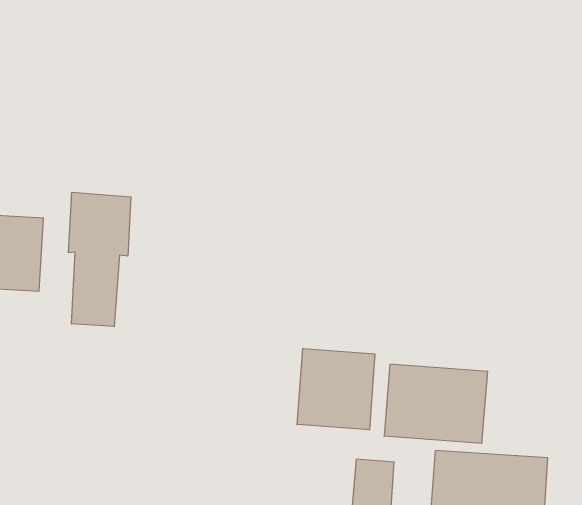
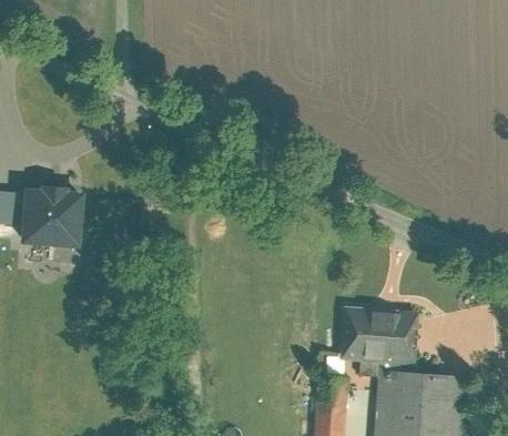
building: [68,192,131,327] -> none
building: [297,348,375,430] -> none

